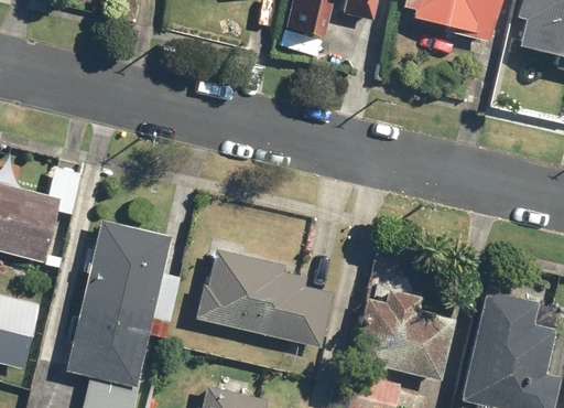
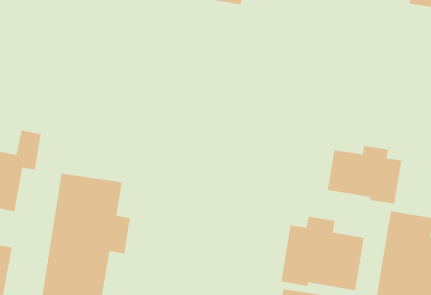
building: none -> [327,145,402,204]
building: [194,249,334,350] -> none

